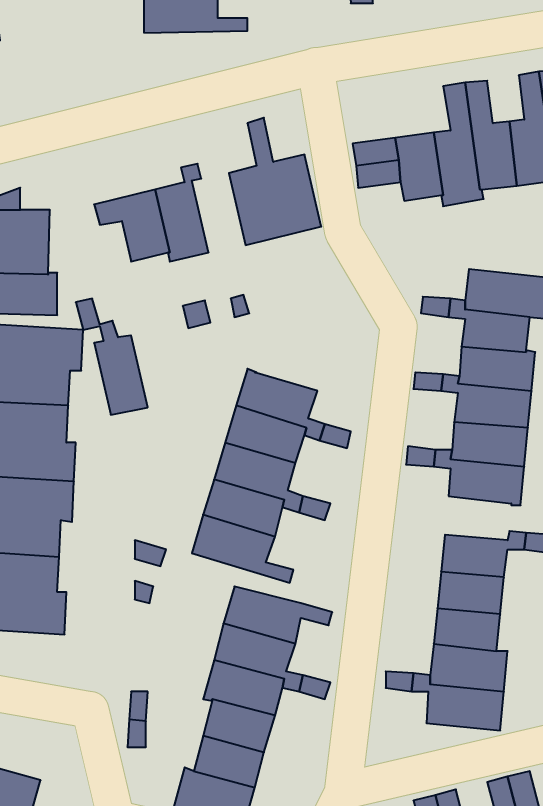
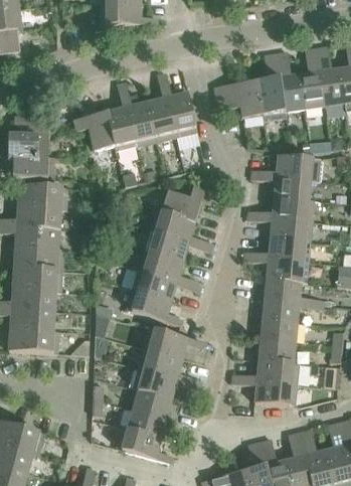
building: [76,299,148,415] -> [117,82,156,145]
building: none -> [161,185,205,220]
building: none -> [265,278,301,302]

